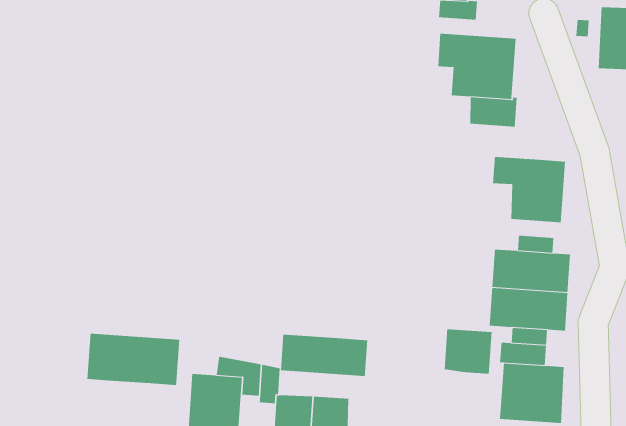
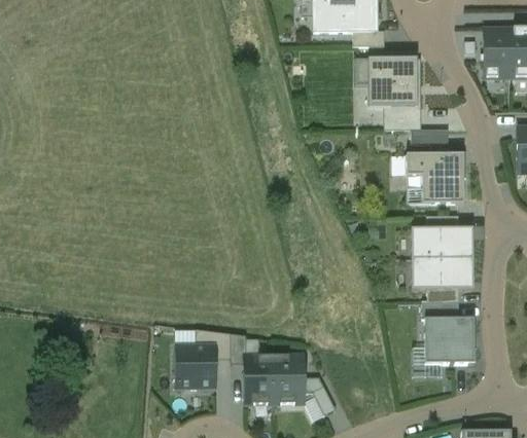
building: none -> [411,130,443,154]
building: [444,329,492,374] -> none
building: [87,333,180,386] -> none
building: [280,334,368,377] -> none

